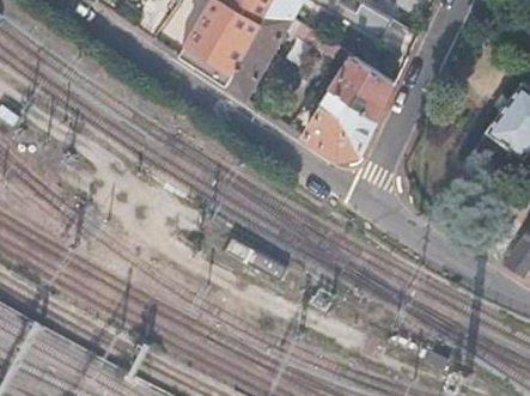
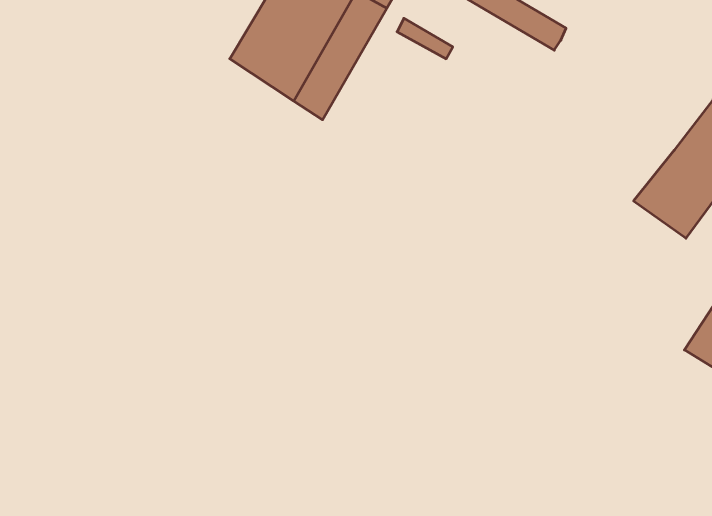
building: [304,53,395,157] -> none

